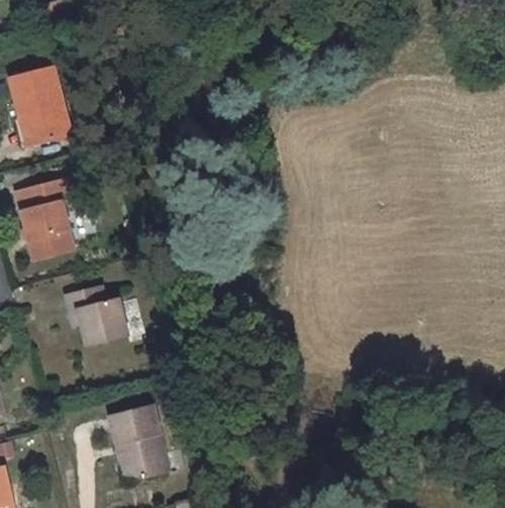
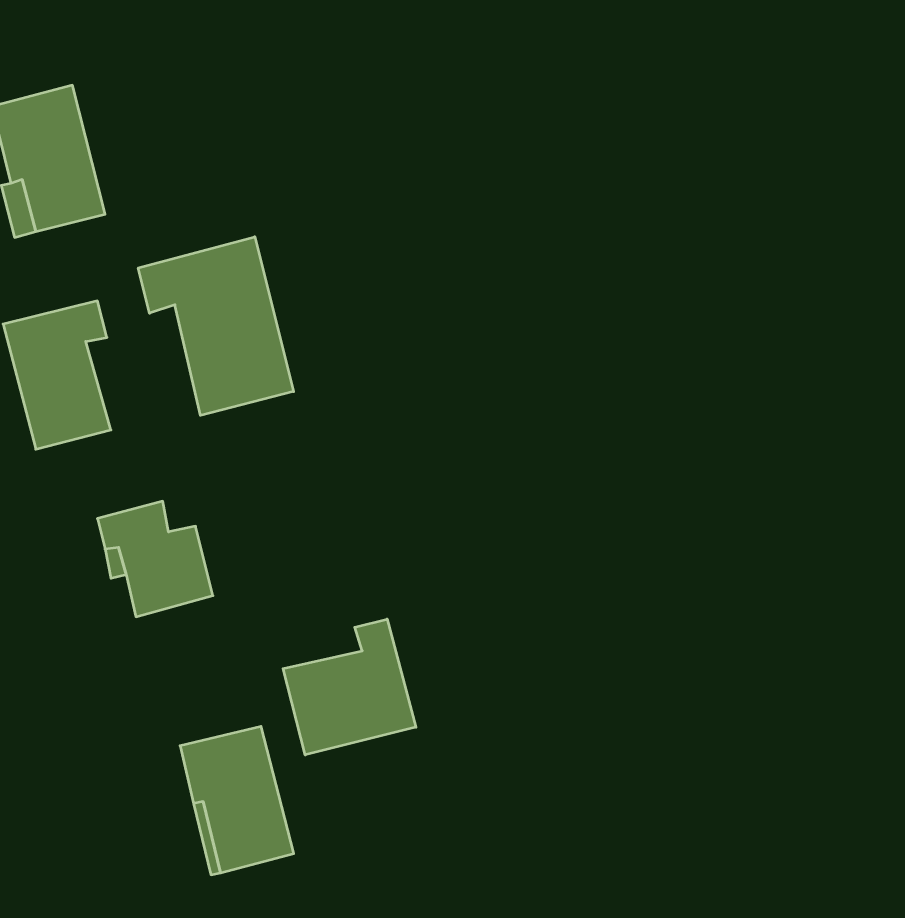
building: none -> [138,237,294,415]
building: none -> [283,619,416,755]

